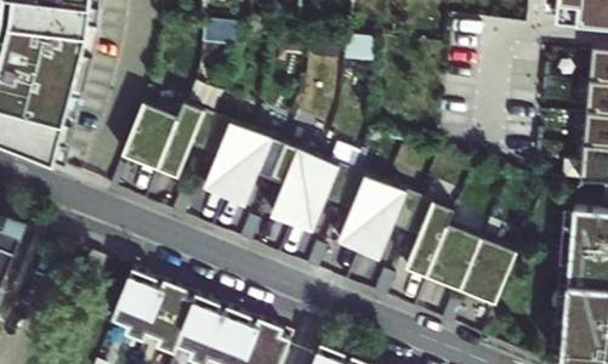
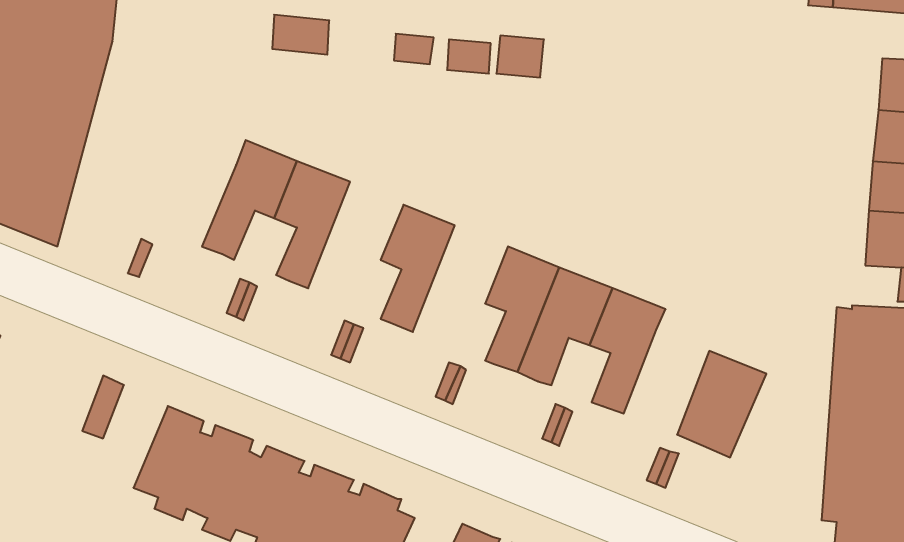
building: [123,106,178,172] -> none
building: [225,131,285,207] -> none
building: [291,159,352,234] -> none
building: [426,226,481,292] -> none

